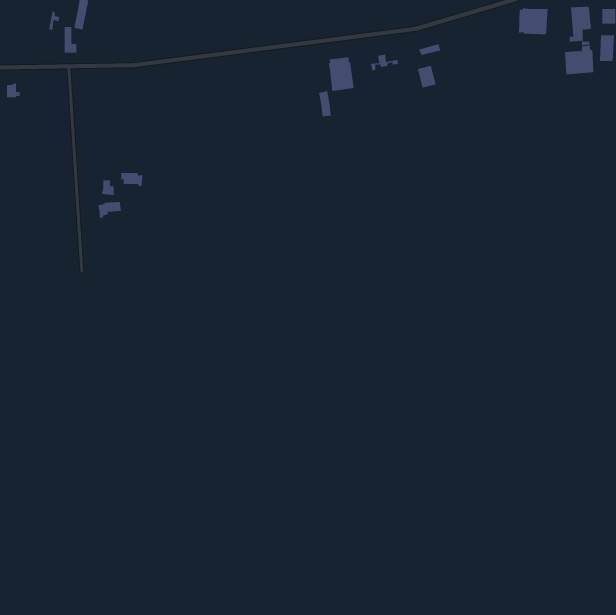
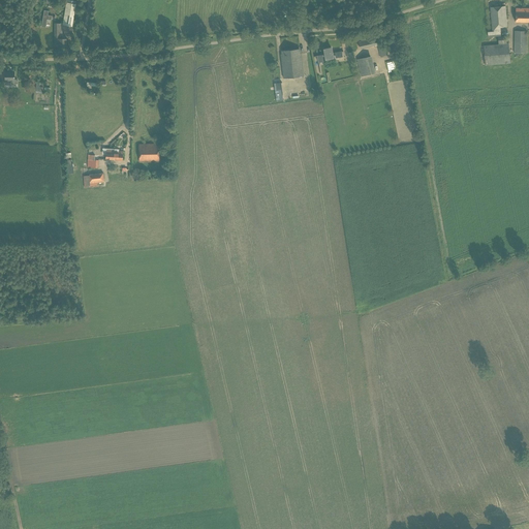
building: [519,7,548,35] -> none
building: none -> [138,143,163,161]

